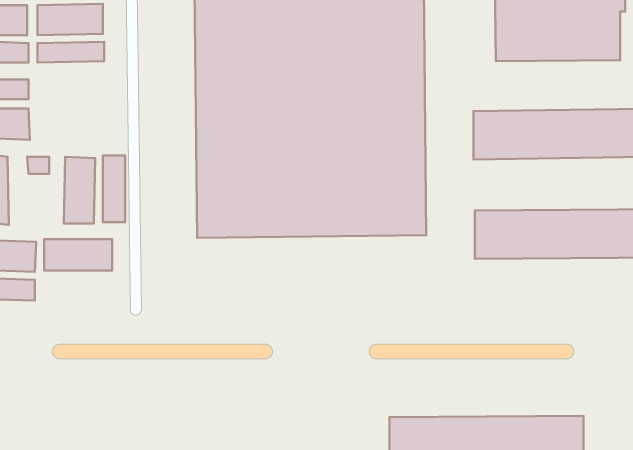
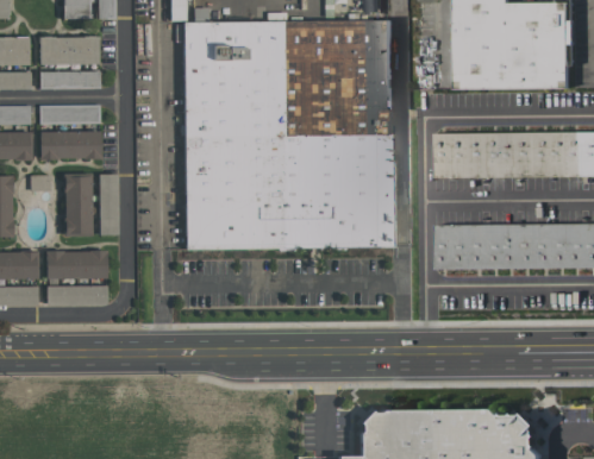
building: none -> [39,105,101,122]
building: none -> [39,131,101,161]
building: none -> [46,287,107,307]

